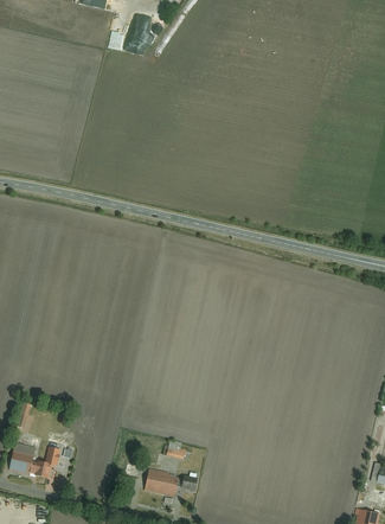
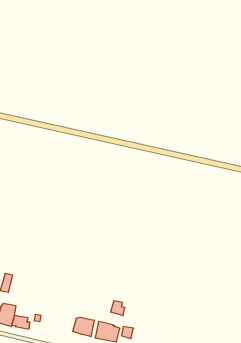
building: none -> [73,317,94,337]

